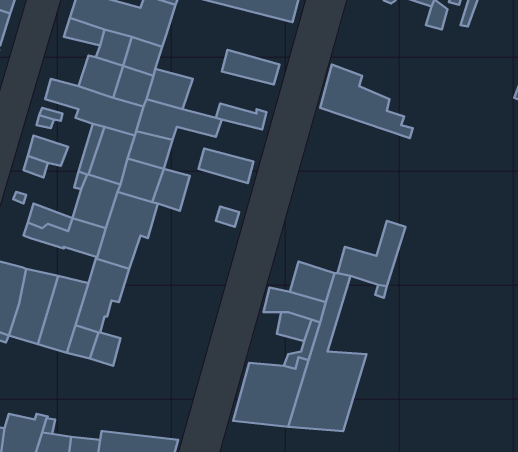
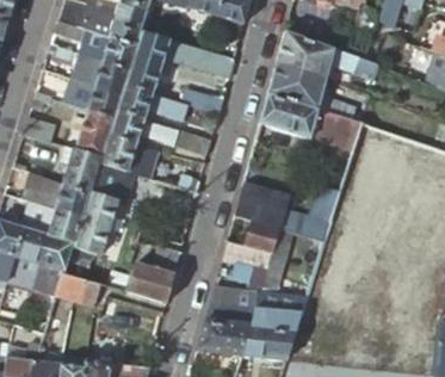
building: none -> [277,29,377,85]
building: none -> [131,31,191,68]
building: none -> [259,92,358,148]
building: none -> [233,180,290,228]
building: none -> [21,199,84,236]
building: none -> [126,245,181,301]

